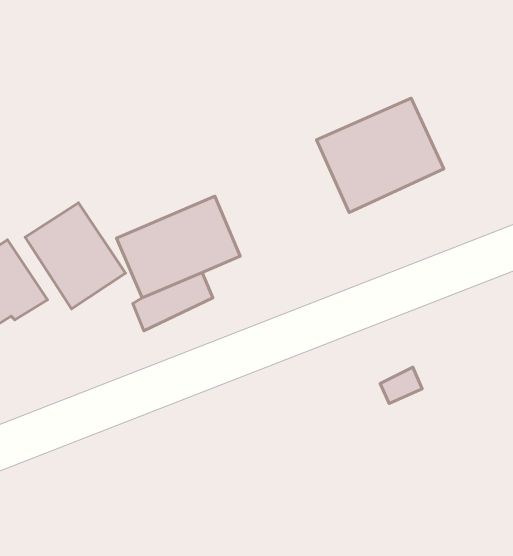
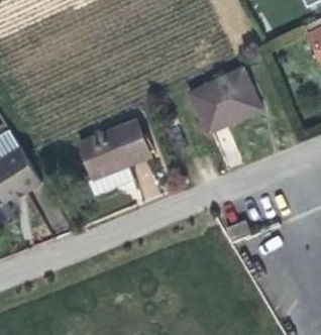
building: [25,203,126,309] -> none

